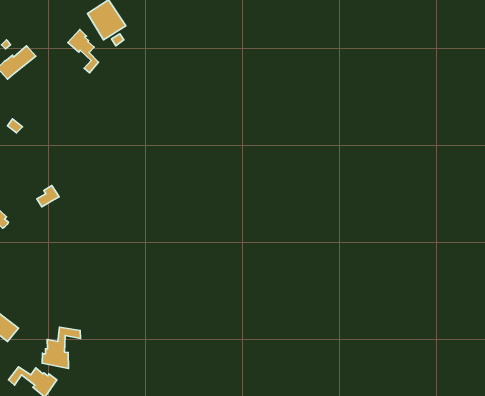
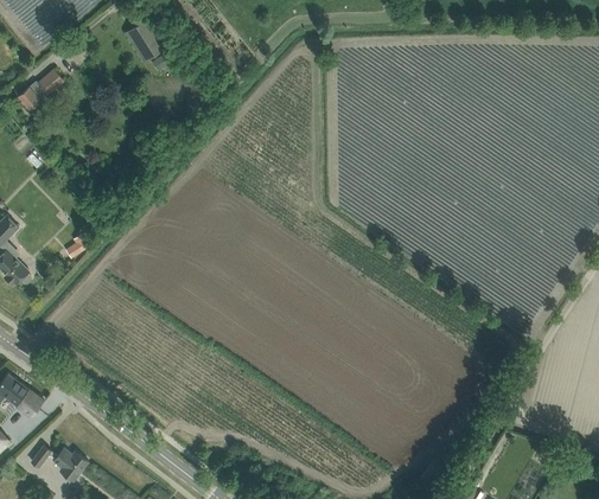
building: [68,30,99,73] -> none
building: [42,327,80,369] -> none

